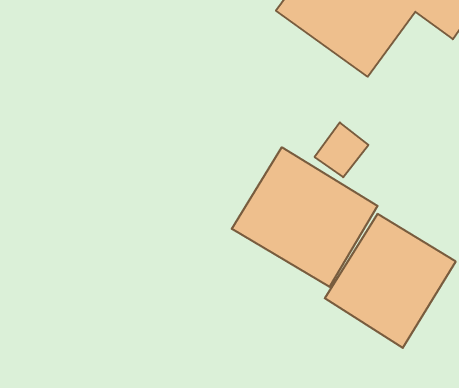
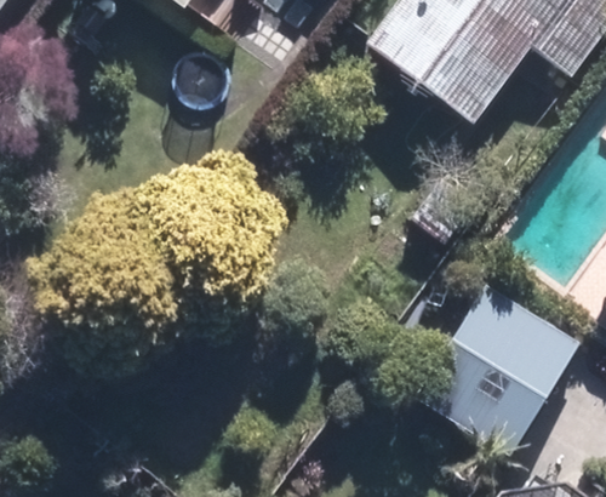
building: [232,147,378,287] -> none

